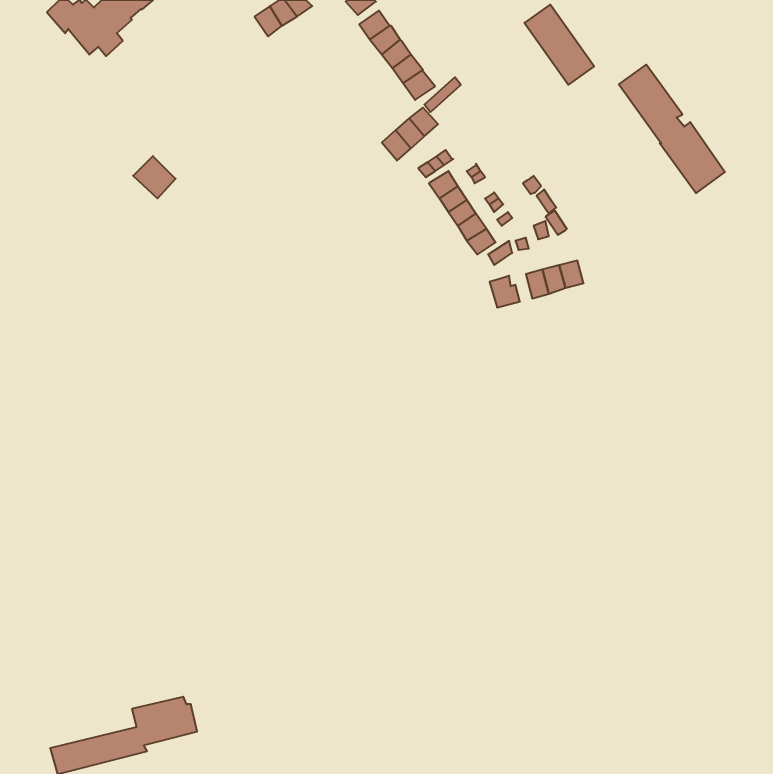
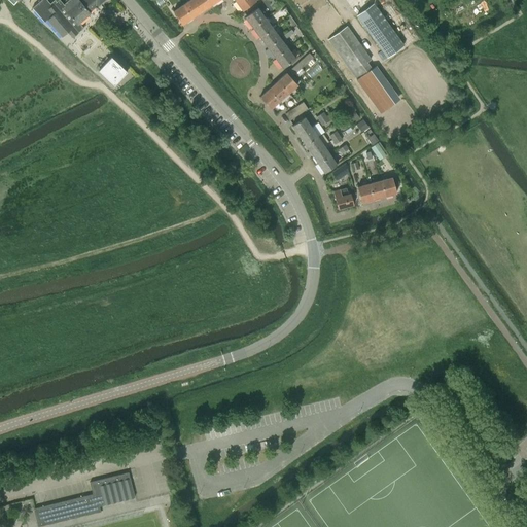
building: [619,65,725,193] -> [328,26,400,113]
building: [133,156,176,198] -> [99,57,128,85]

